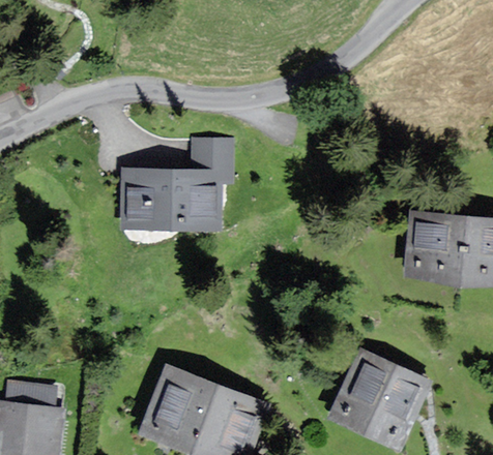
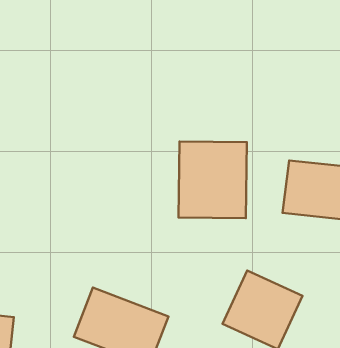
building: [121,141,237,228] -> none
building: none -> [179,141,247,218]

